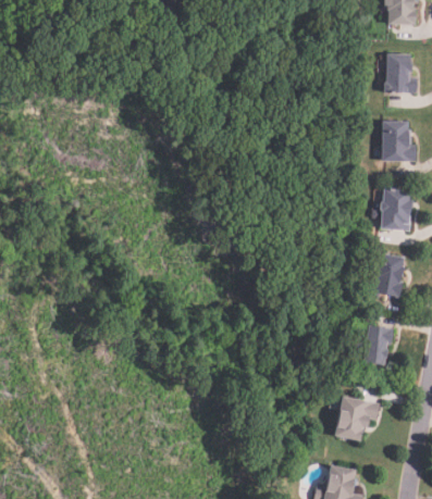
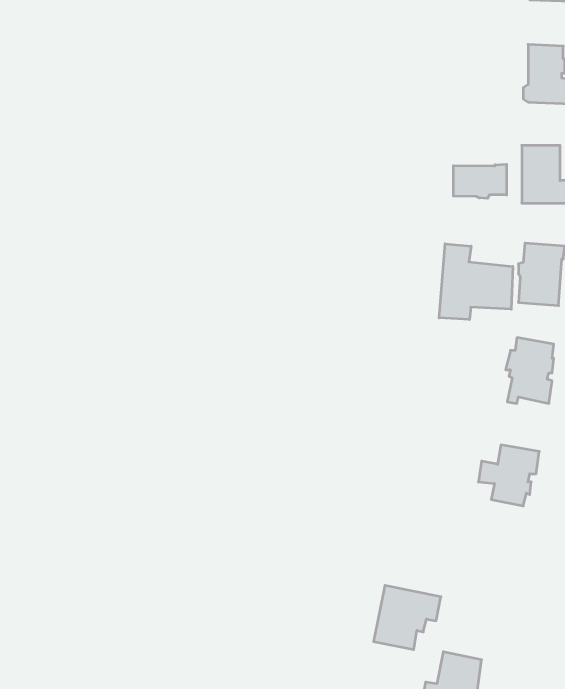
building: none -> [453,164,507,198]
building: none -> [439,244,513,320]
building: [334,397,380,440] -> [374,585,441,650]

